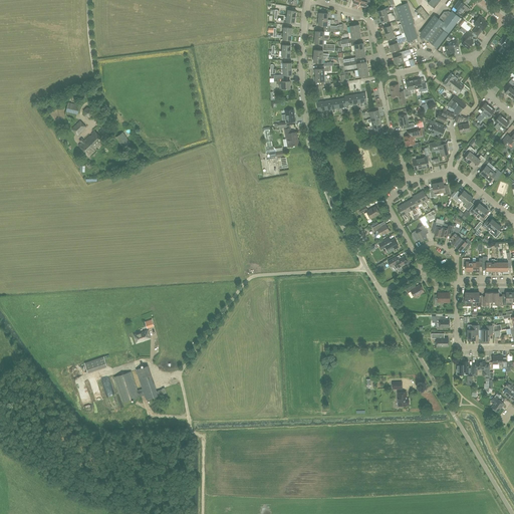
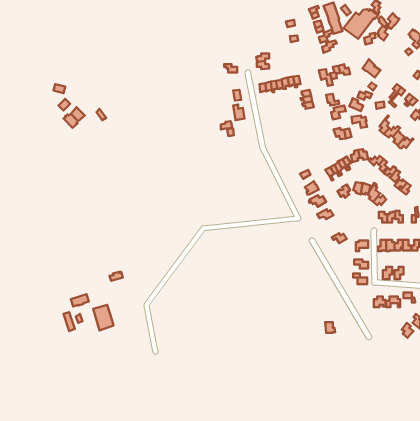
building: [136,365,157,400] -> none

